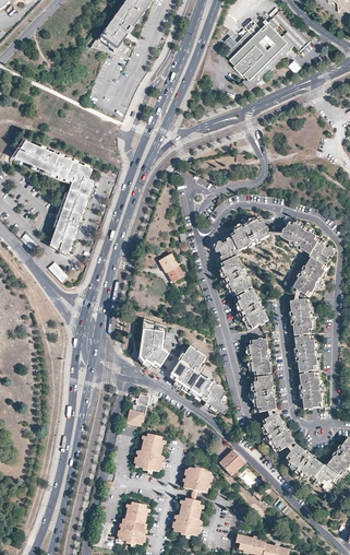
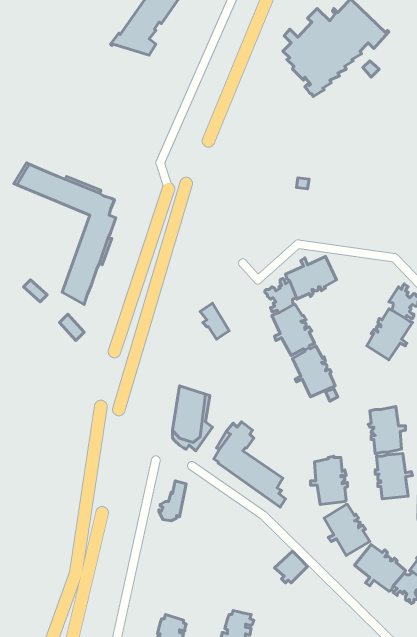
building: [278,216,318,252] -> none
building: [288,297,316,334] -> none
building: [241,338,270,375] -> none
building: [135,433,165,470] -> none
building: [183,465,210,491] -> none

